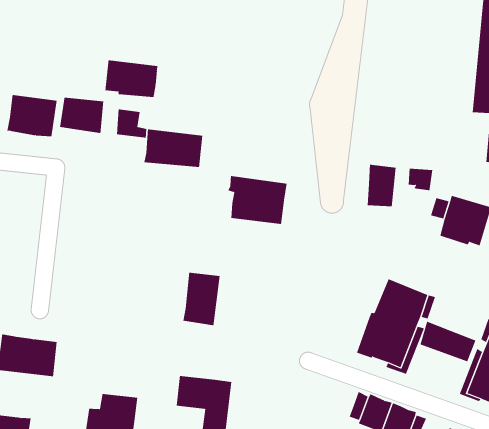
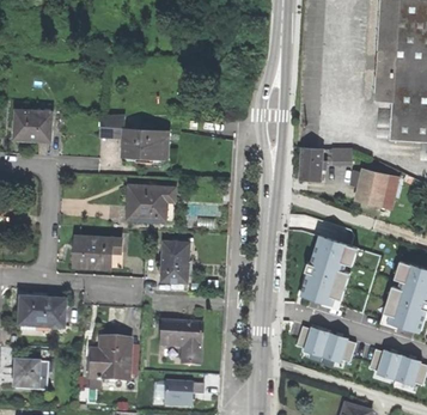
building: [105,60,158,98] -> none
building: [60,97,104,134] -> none
building: [228,175,287,225] -> [127,184,173,220]
building: none -> [74,237,123,269]
building: [420,321,476,362] -> none

